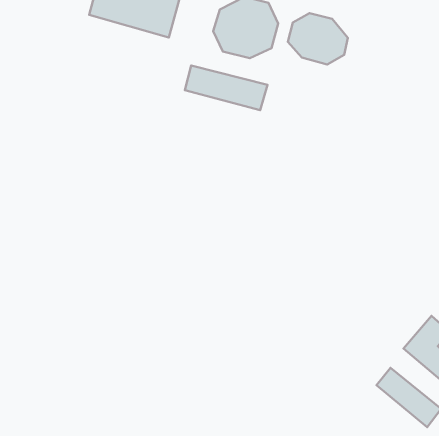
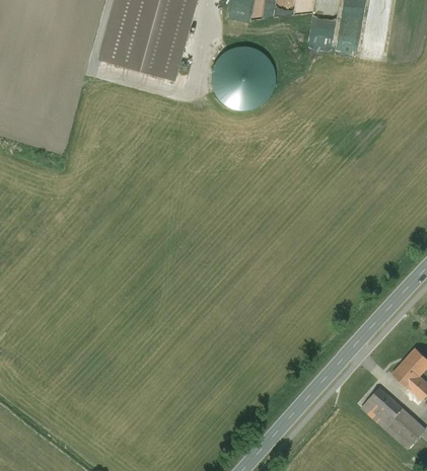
building: [288,13,348,64] -> none
building: [185,66,268,110] -> none

